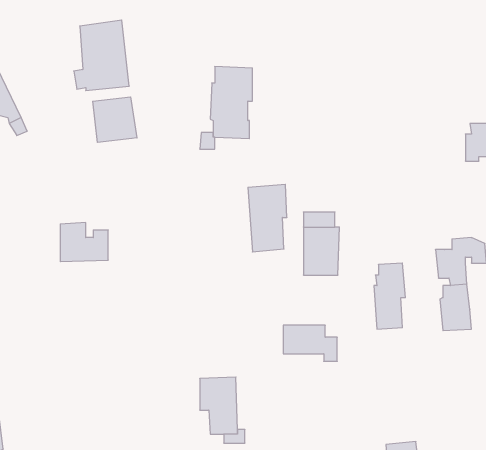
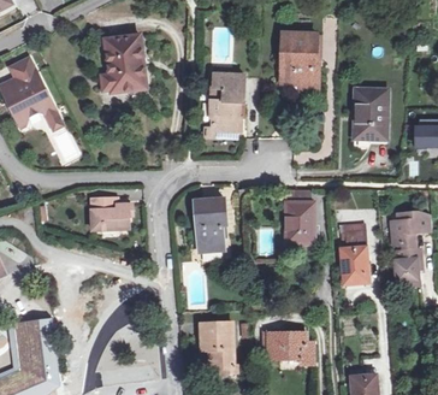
building: none -> [280,33,319,83]
building: none -> [355,89,387,137]
building: [93,97,137,142] -> none
building: [248,184,287,252] -> [195,198,226,252]
building: [283,325,337,361] -> [270,334,313,362]

